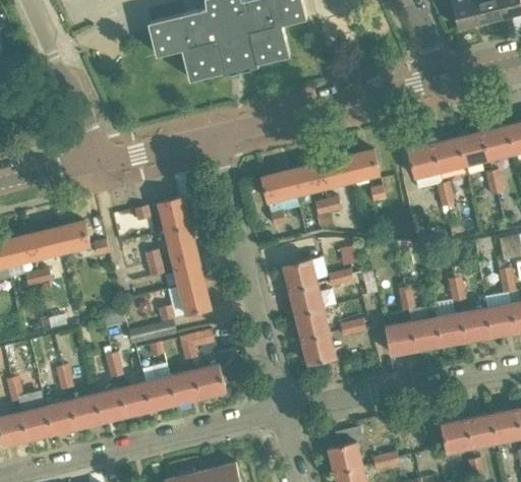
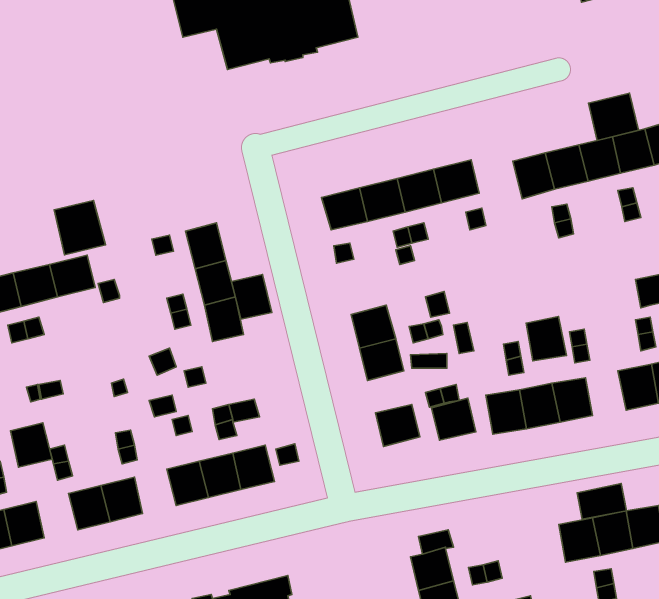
building: none -> [588,93,638,140]
building: none -> [54,200,105,255]
building: [179,281,210,314] -> [232,275,272,319]
building: [296,308,330,340] -> [431,398,476,440]
building: [461,308,491,342] -> [526,316,567,361]
building: [120,382,152,416] -> none
building: none -> [577,484,627,519]
building: [46,401,77,434] -> [10,423,52,467]

